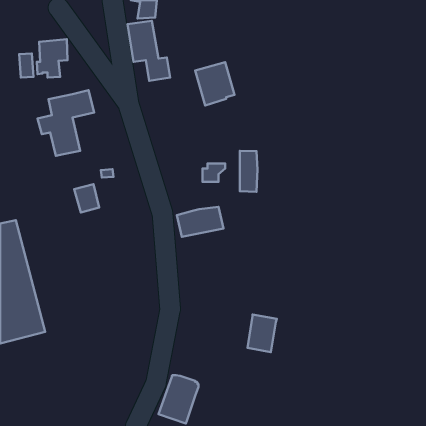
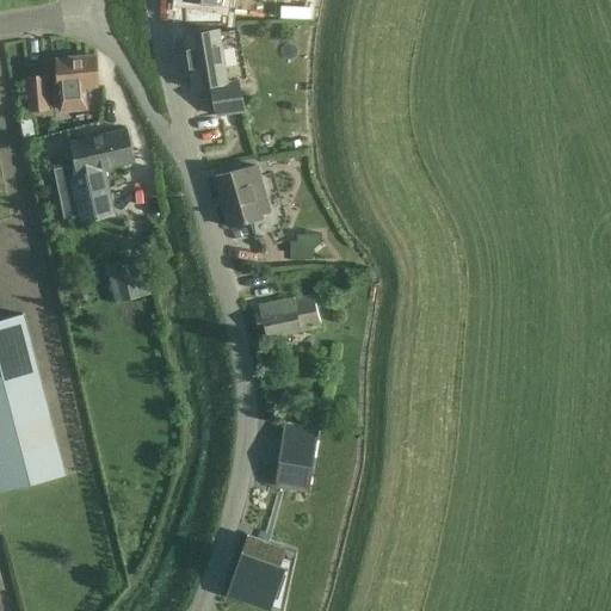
building: [195,62,234,106] -> [215,166,271,228]
building: [240,151,258,192] -> none
building: [248,315,277,352] -> [277,420,319,474]

